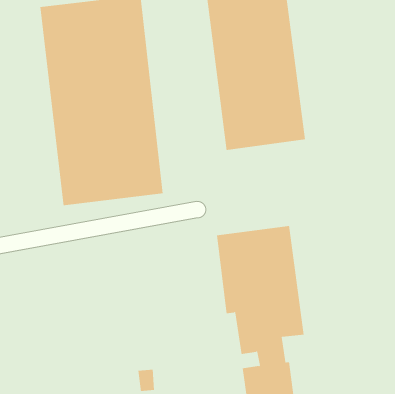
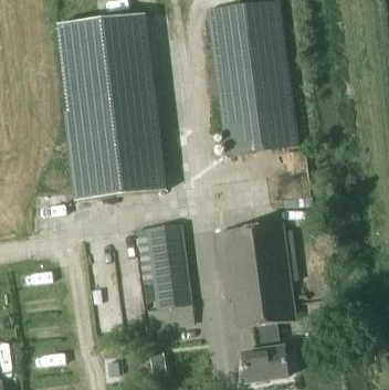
building: none -> [135,222,192,309]

